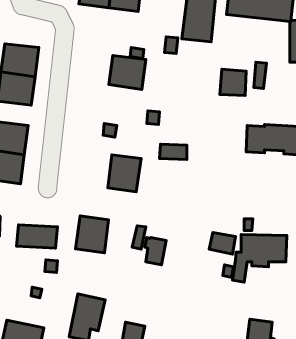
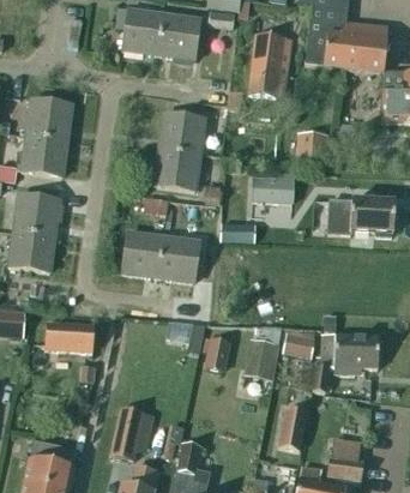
building: none -> [155,149,200,190]
building: none -> [253,172,295,203]
building: [75,216,109,253] -> [122,230,163,276]
building: none -> [243,338,281,379]
building: none -> [277,407,308,450]

